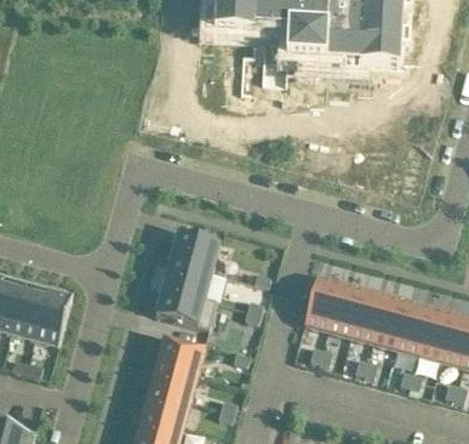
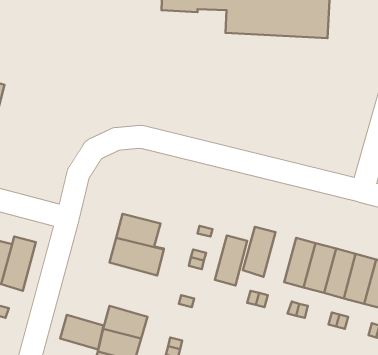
building: [170,233,219,272] -> none
building: [327,281,364,337] -> [215,236,247,285]
building: [155,337,204,376] -> [60,315,104,349]

